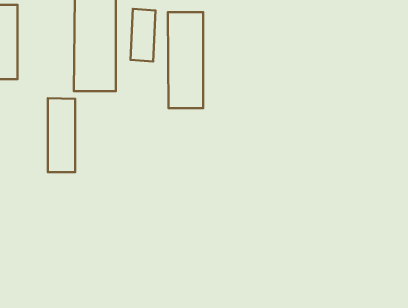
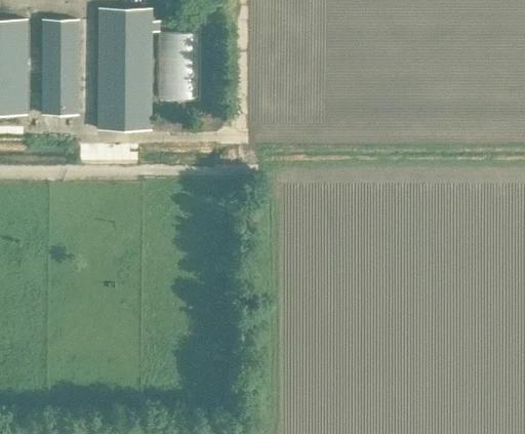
building: [168,12,203,108] -> none
building: [48,98,75,172] -> [43,21,78,115]

